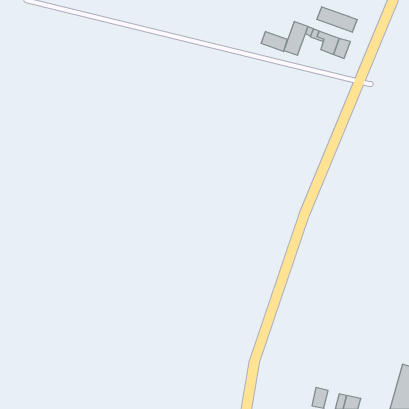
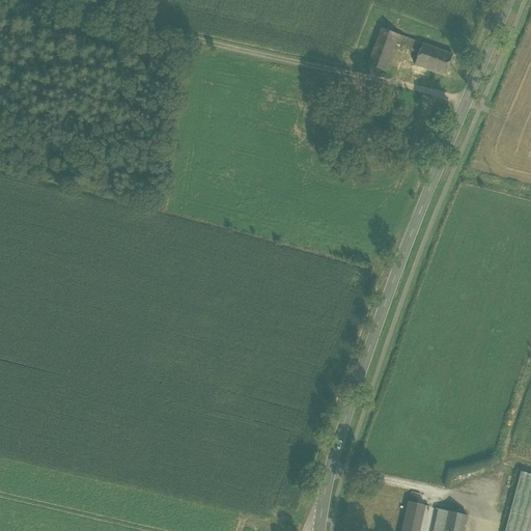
building: [317,7,357,32] -> none
building: [261,31,287,52] -> none

